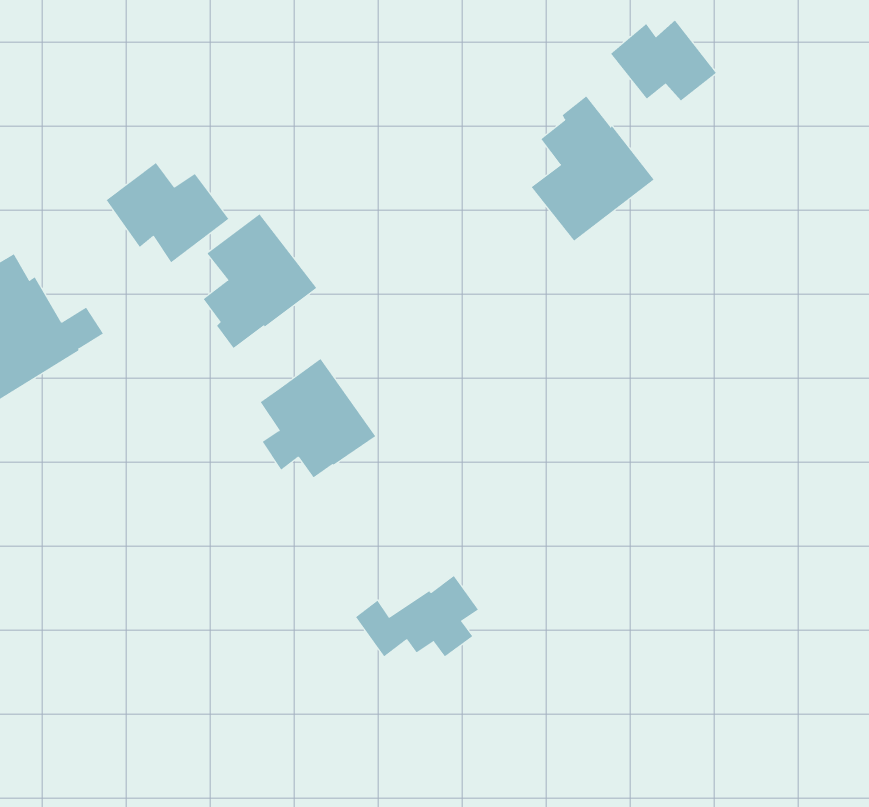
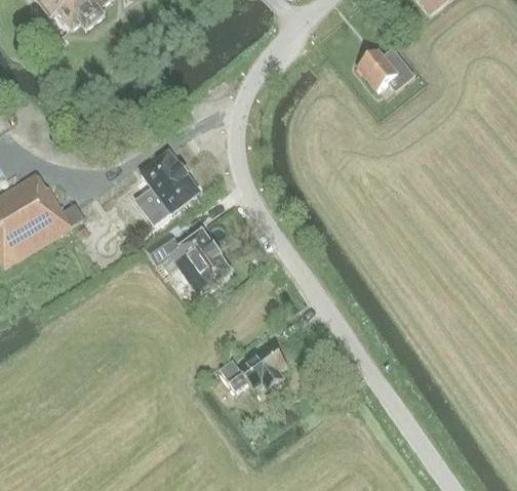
building: [531,96,655,242] -> none
building: [106,162,229,263] -> none

